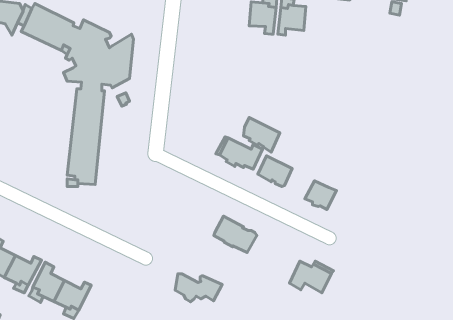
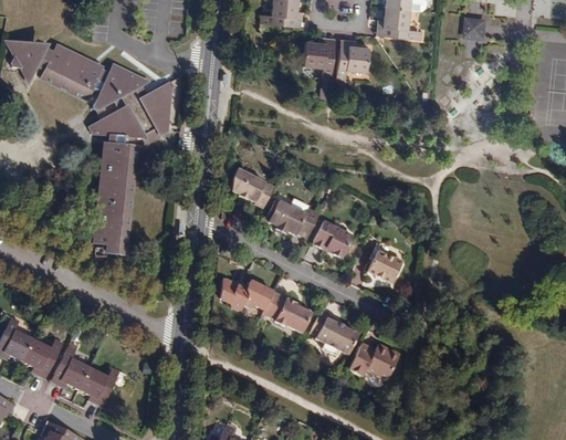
building: [243,118,280,152] -> [232,168,274,208]
building: none -> [311,312,360,355]
building: [175,274,222,302] -> [220,279,274,311]

